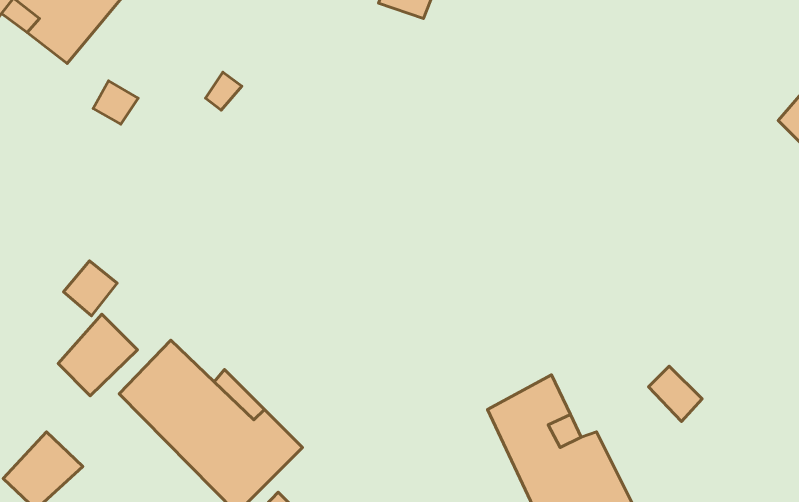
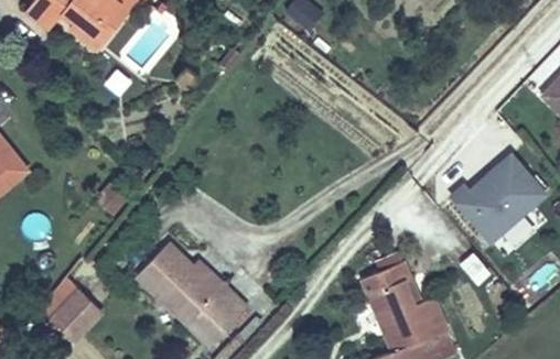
building: none -> [452,154,546,240]
building: [58,314,138,396] -> none

